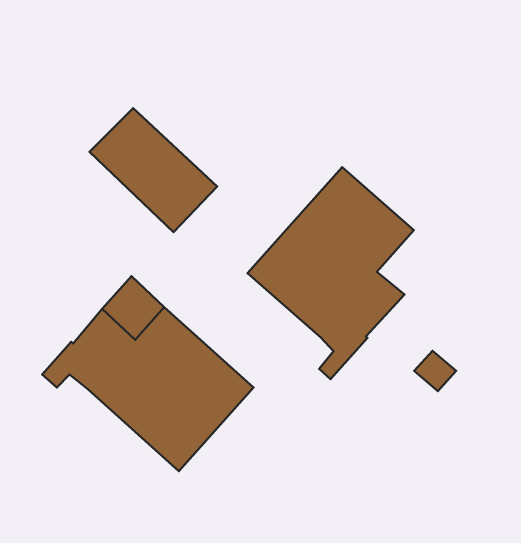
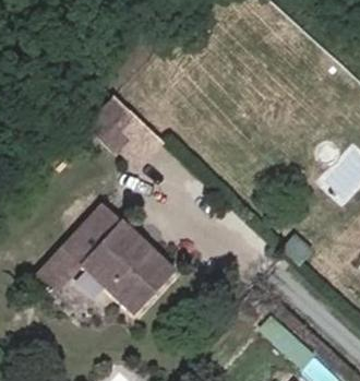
building: [248,167,414,379] -> none
building: none -> [35,254,83,296]

